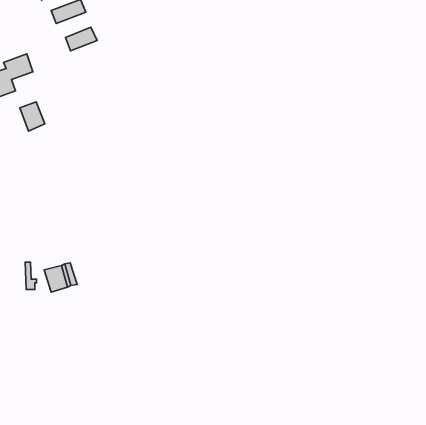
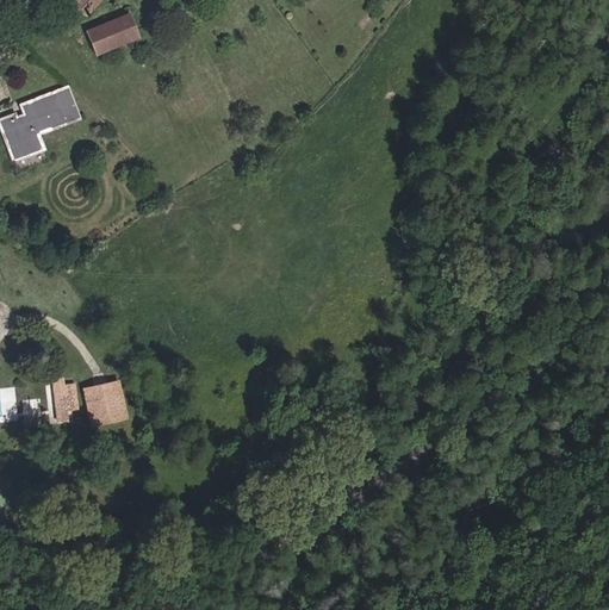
building: [65,27,97,51] -> none
building: [20,102,45,131] -> none

